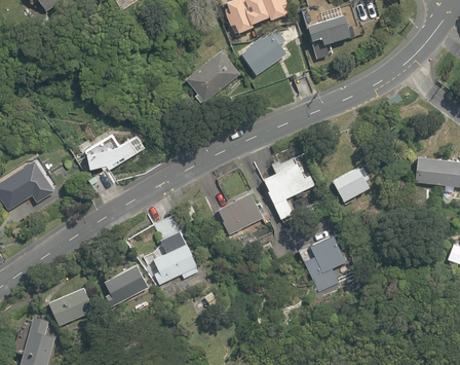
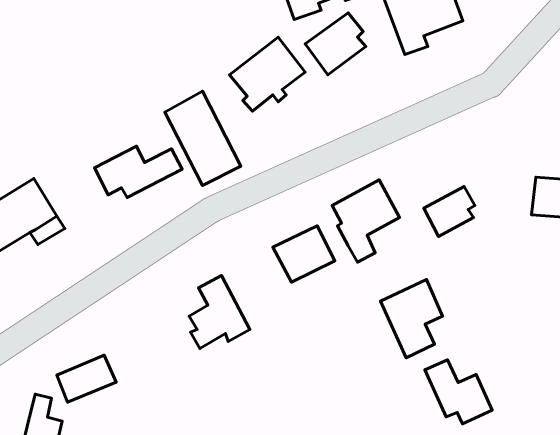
building: none -> [165,91,241,186]
building: [106,262,148,300] -> none
building: none -> [425,360,492,424]

